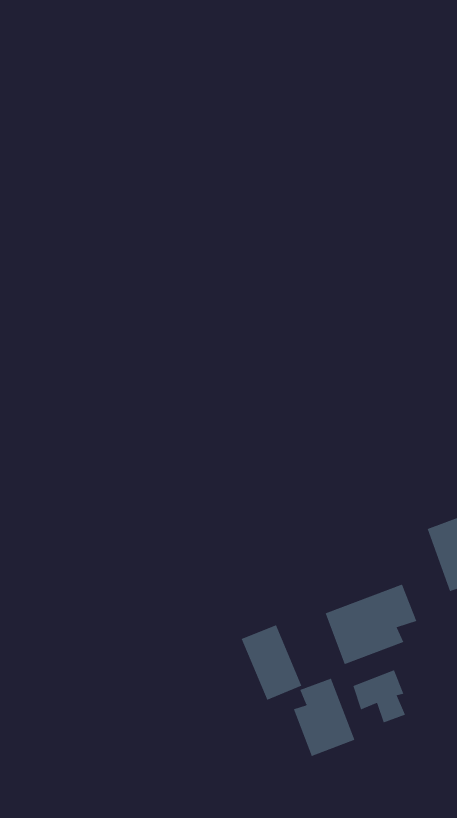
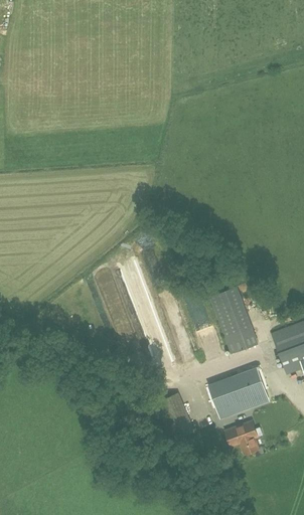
building: none -> [209,286,258,353]
building: [293,678,355,757] -> none

